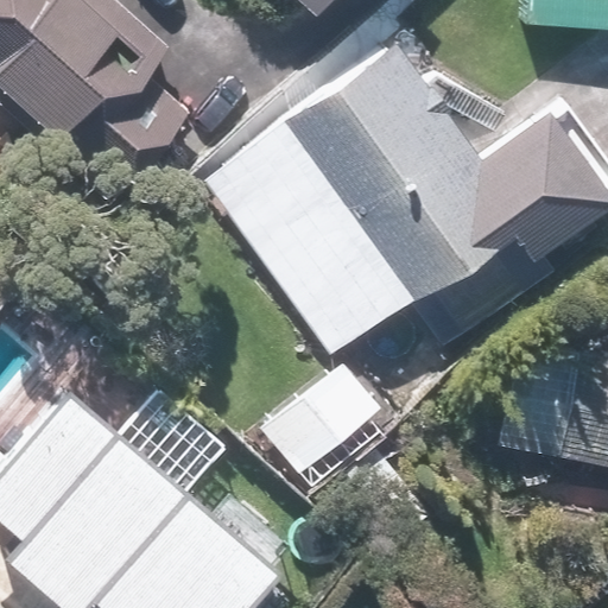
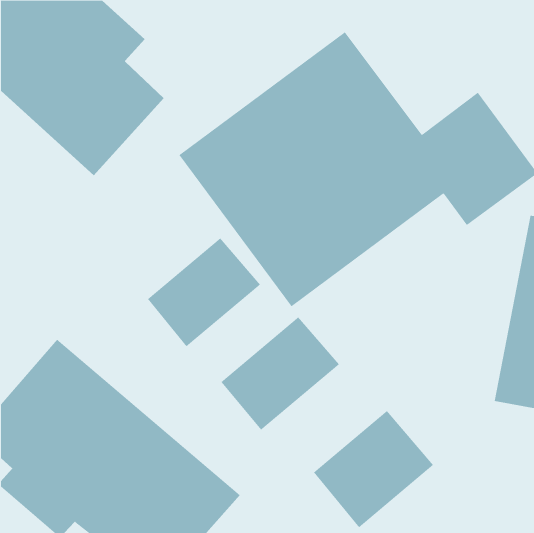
building: none -> [147,237,261,347]
building: none -> [313,410,434,528]

